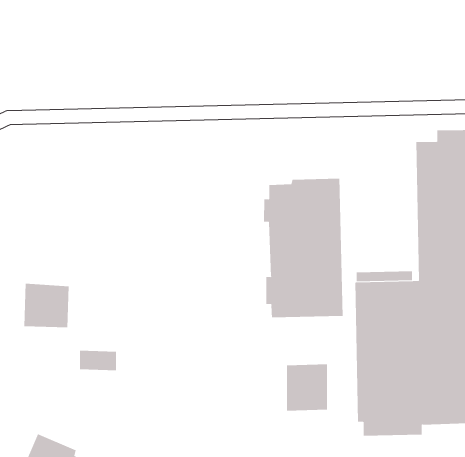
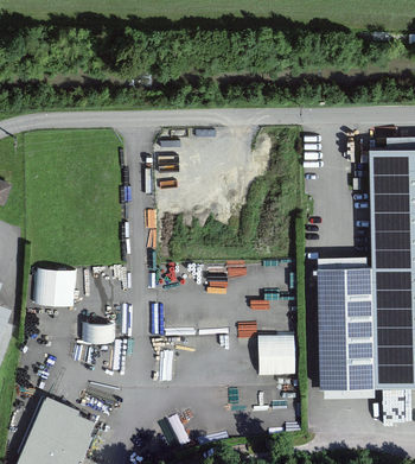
building: [264,178,343,318] -> none

